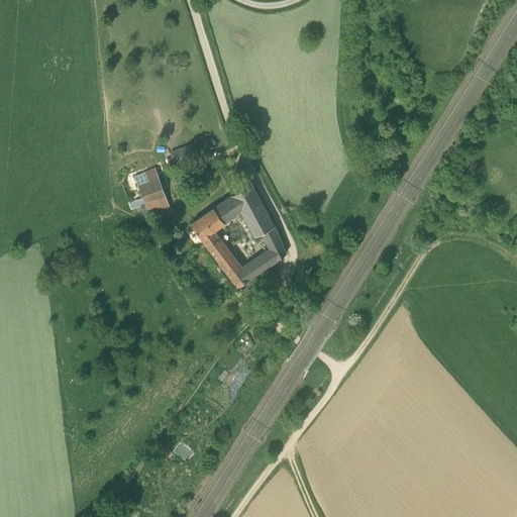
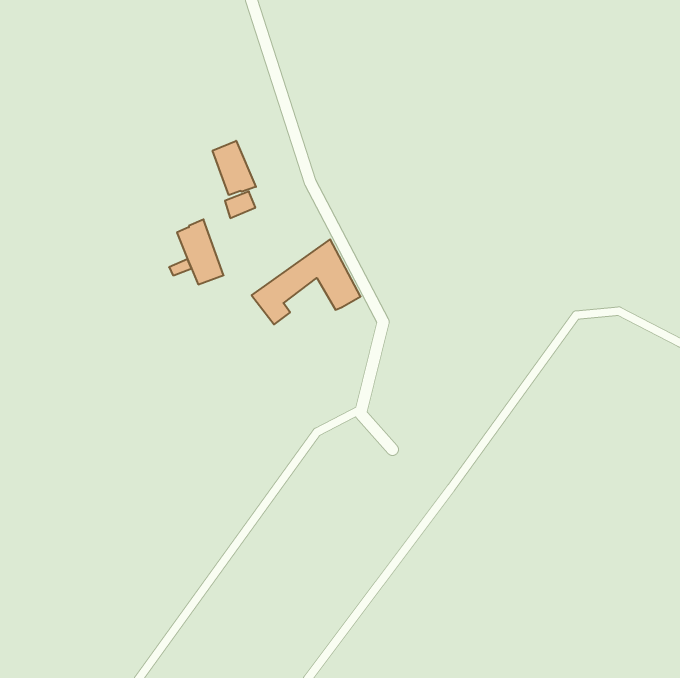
building: none -> [213,141,256,195]
building: [208,226,285,288] -> none

